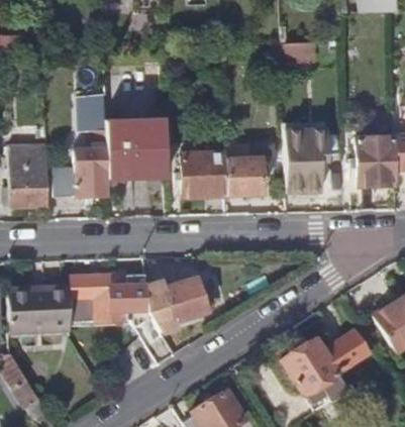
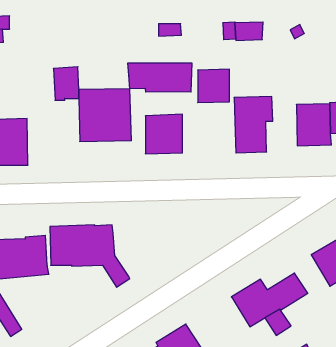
building: none -> [128,63,192,92]
building: [60,130,108,197] -> none
building: [225,154,262,193] -> [198,69,229,103]
building: [145,275,214,335] -> none

